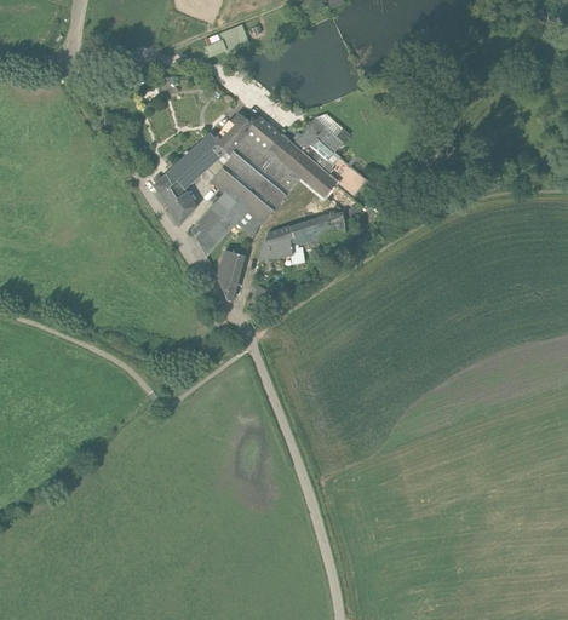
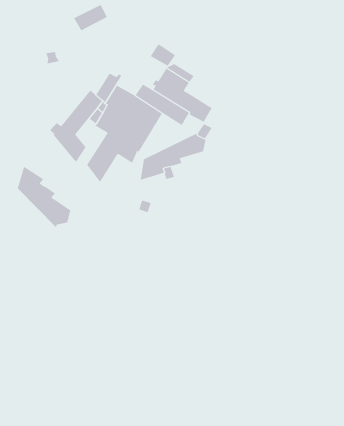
building: [246,117,280,149] -> [150,44,176,66]
building: none -> [17,166,71,228]
building: [217,251,243,302] -> none

